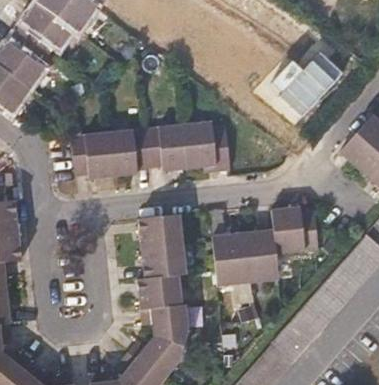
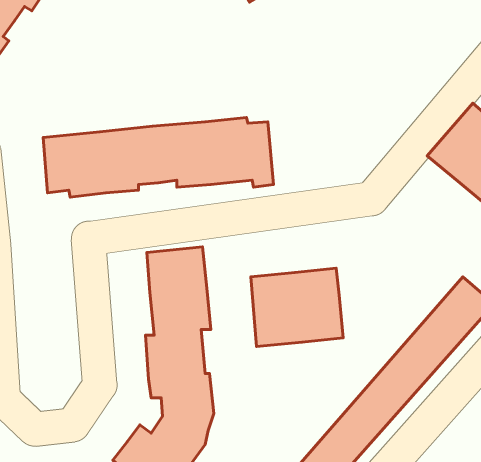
building: [266,52,342,118] -> none
building: [273,206,315,247] -> none

